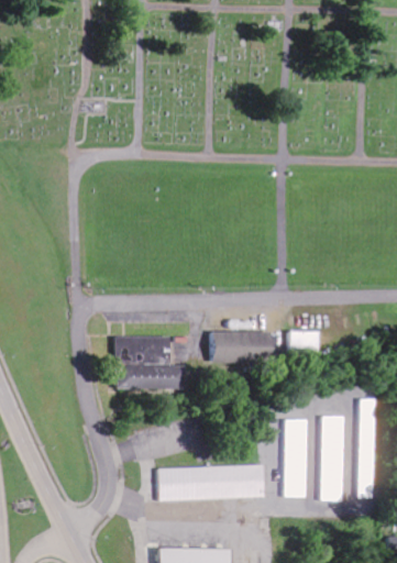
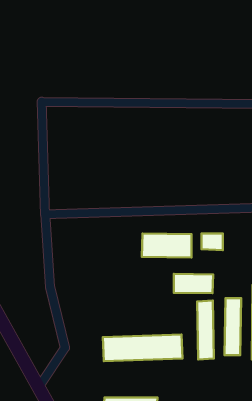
building: [115,336,185,389] -> none
building: none -> [174,274,213,293]

